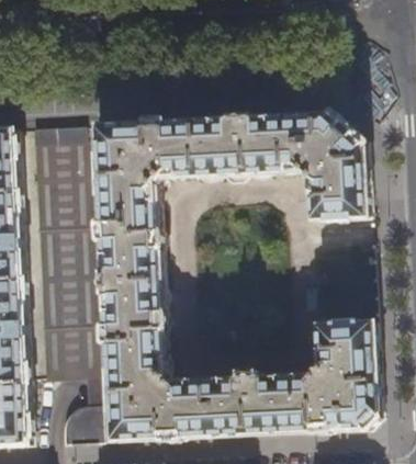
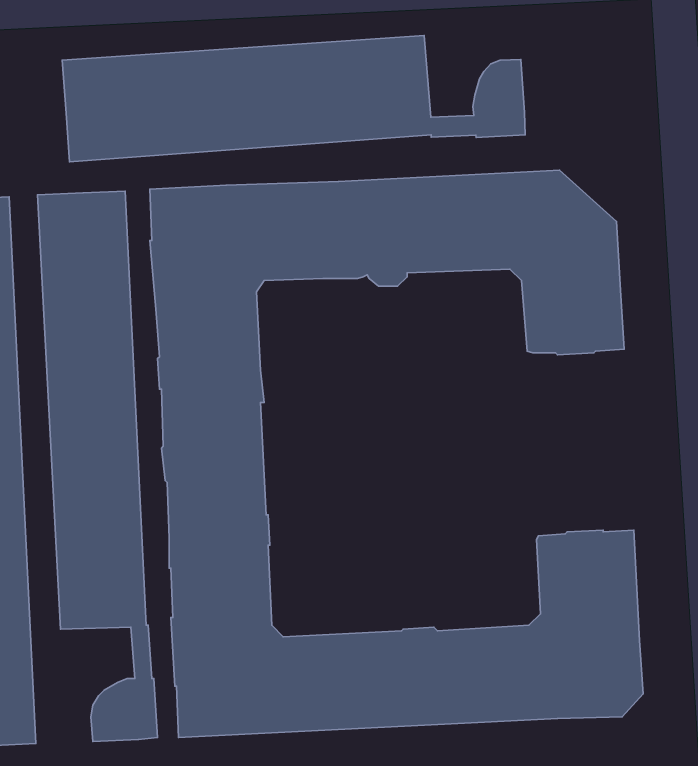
building: none -> [62,35,525,162]

